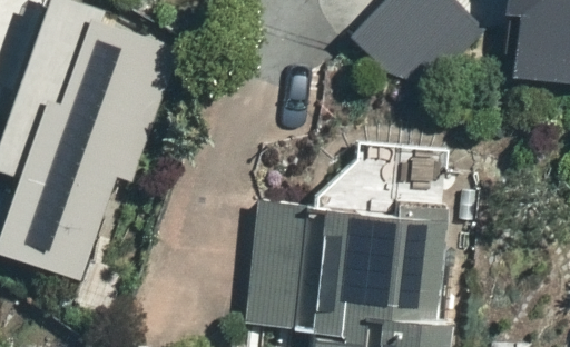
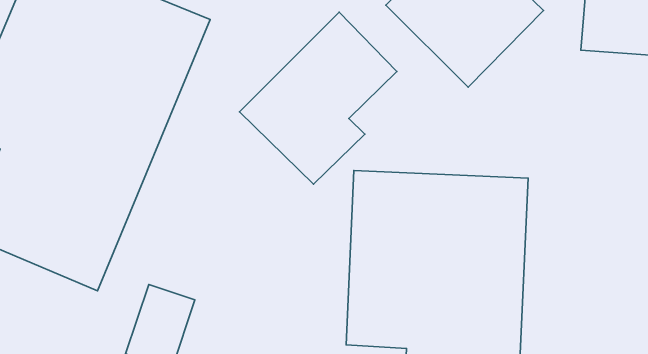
building: none -> [240,12,397,184]

